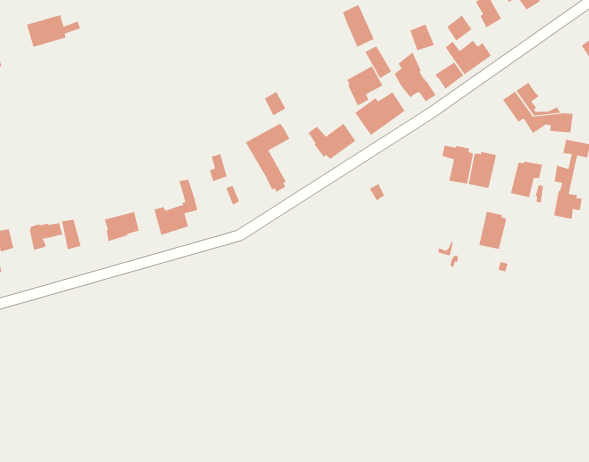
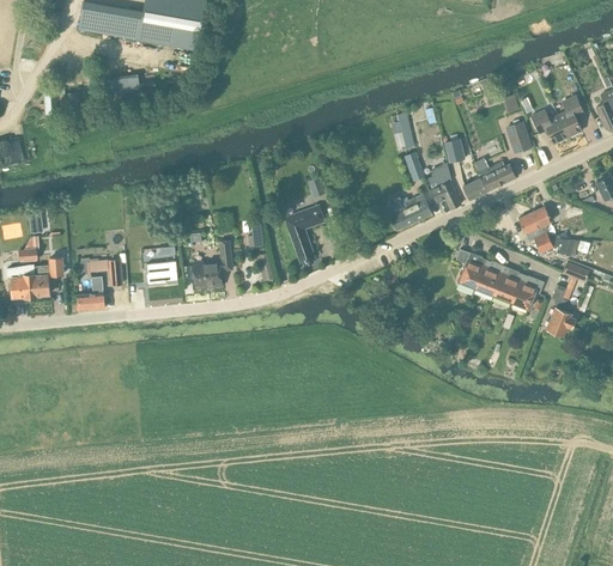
building: [346,66,383,106] -> none
building: [307,123,356,162] -> none
building: [479,211,508,250] -> [493,266,523,302]
building: none -> [78,276,105,311]

